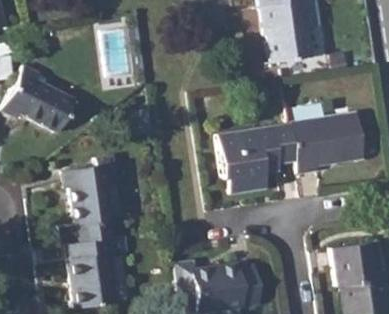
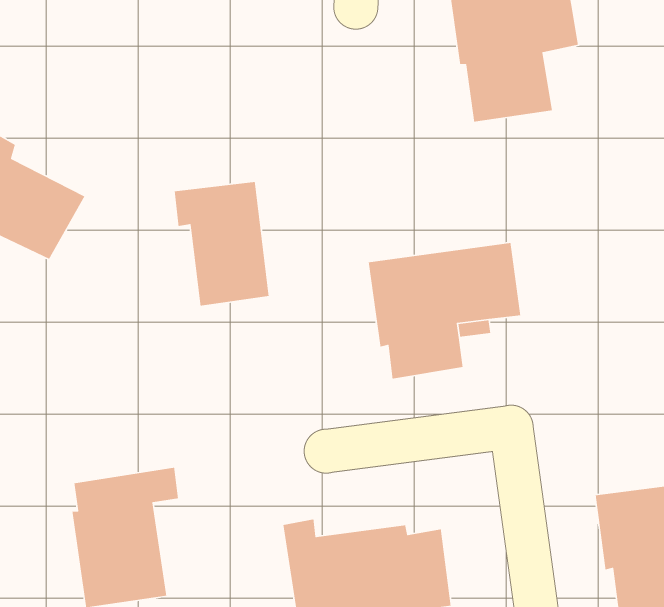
building: [291,114,363,172] -> none
building: [65,165,113,228] -> [174,181,269,306]

